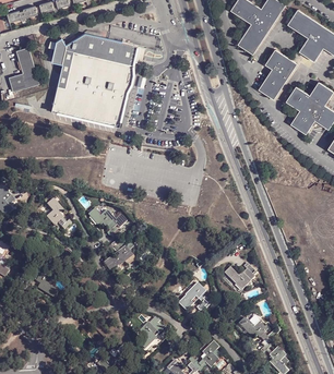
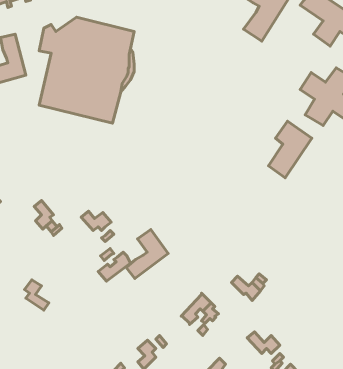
building: [258,46,297,97] -> [268,121,312,178]
building: none -> [126,230,168,278]

